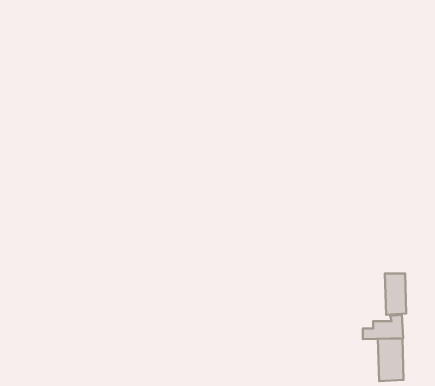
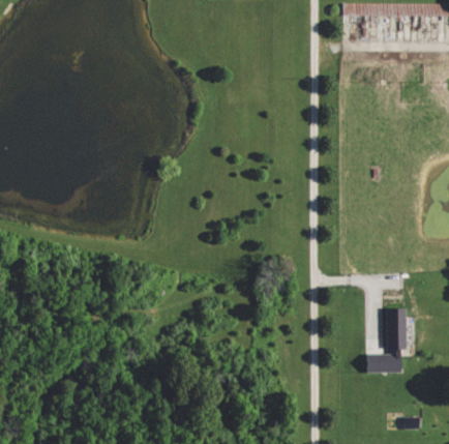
building: [378,339,403,381] -> none

